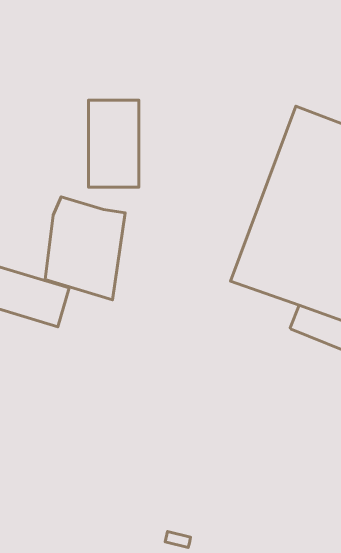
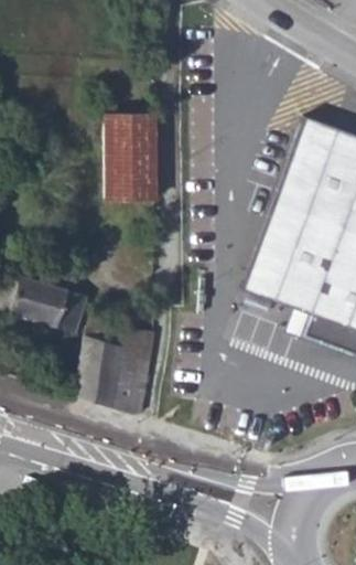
building: [45,197,125,300] -> [76,317,153,416]

